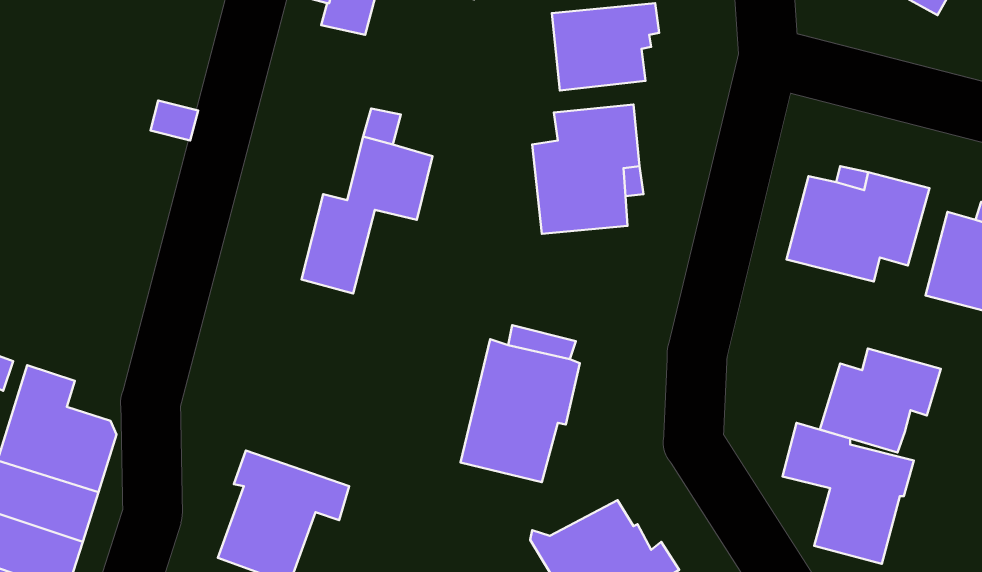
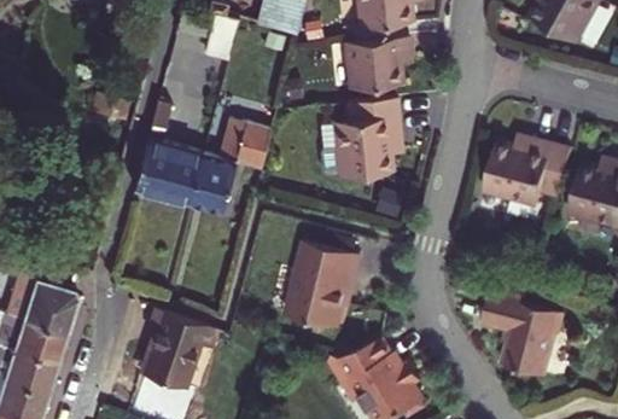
building: none -> [134,100,204,205]
building: [820,349,941,452] -> none

